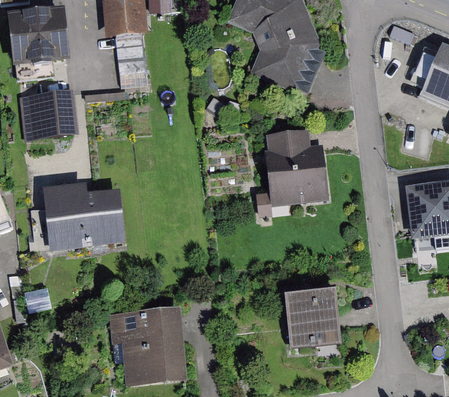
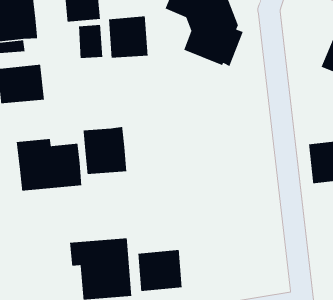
building: none -> [108,16,148,58]
building: [264,128,328,205] -> none
building: none -> [83,126,127,175]
building: [284,295,340,348] -> [137,249,183,292]

